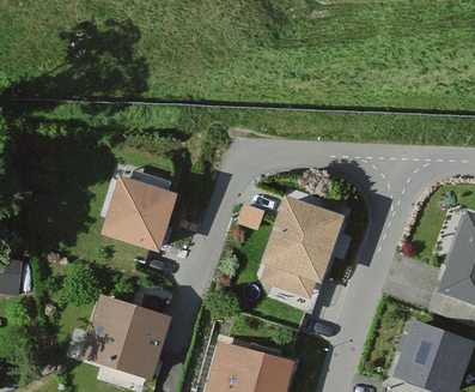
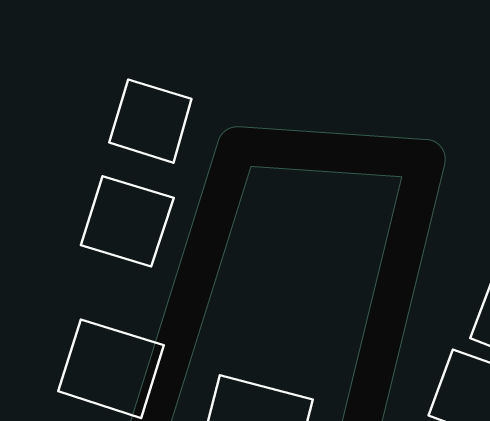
building: none -> [109,79,191,163]
building: [261,195,346,297] -> none

